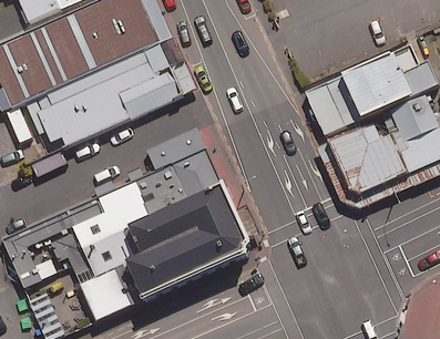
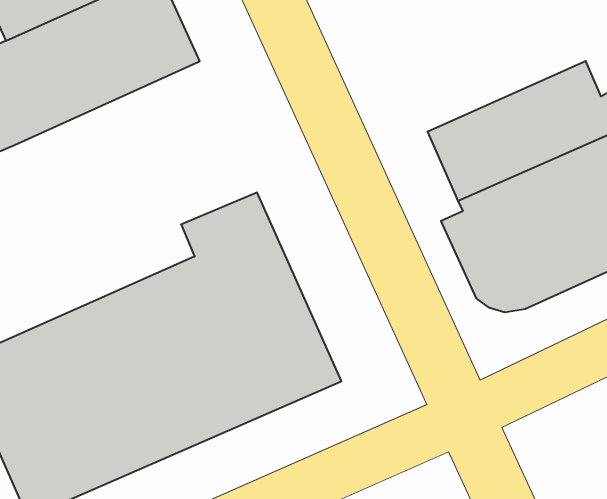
building: [39,42,185,148] -> none

